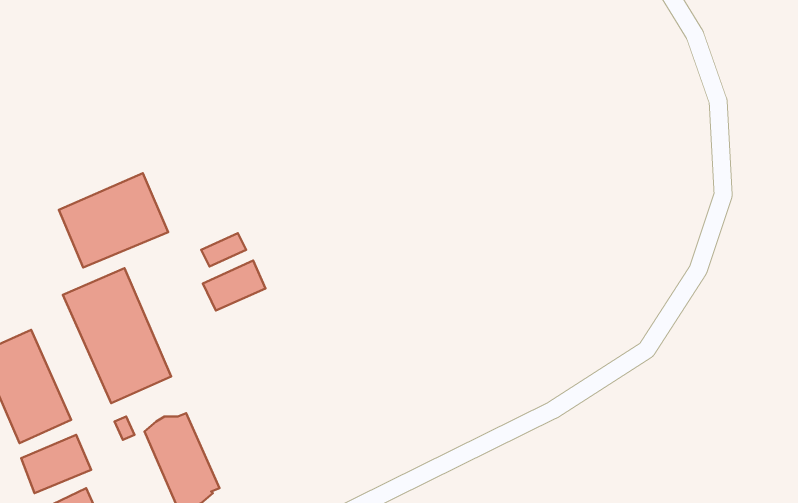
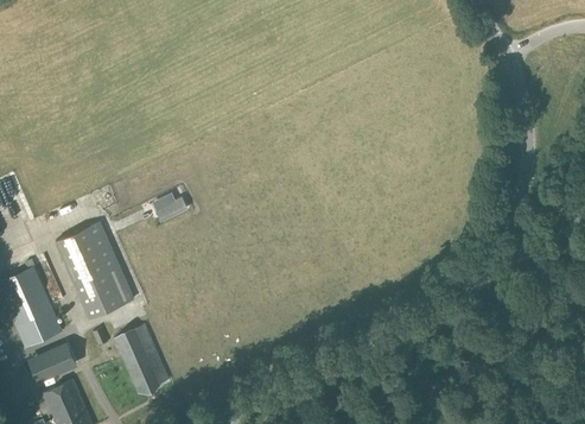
building: [59,173,168,267] -> none
building: [203,261,265,310] -> none

